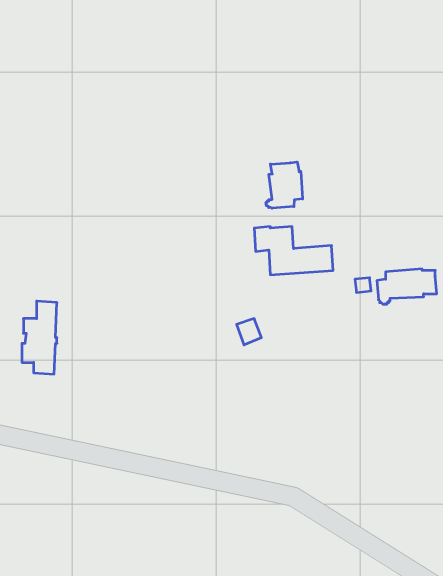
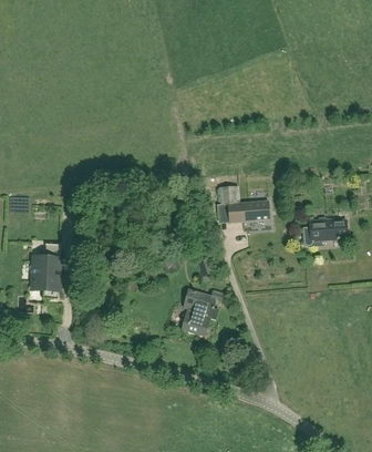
building: [266,162,303,208] -> none
building: none -> [182,288,227,336]

